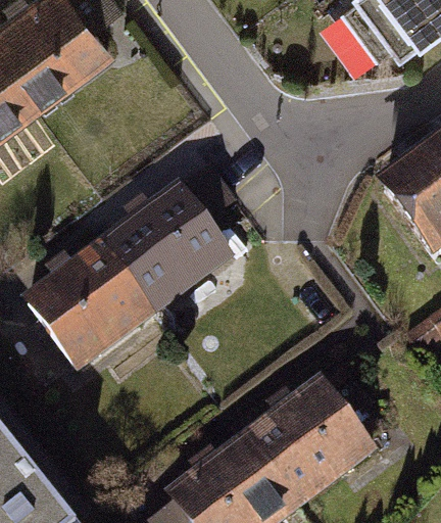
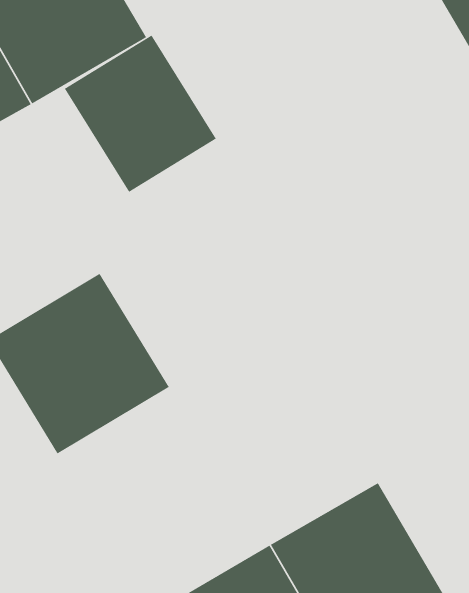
building: none -> [64,35,217,193]
building: [102,183,239,321] -> none

